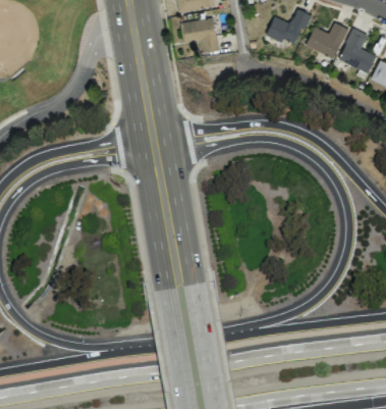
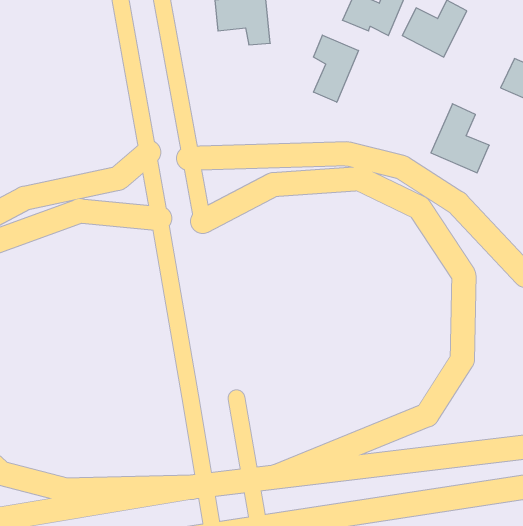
building: [337,28,376,73] -> [431,104,489,173]
building: none -> [314,35,358,102]

